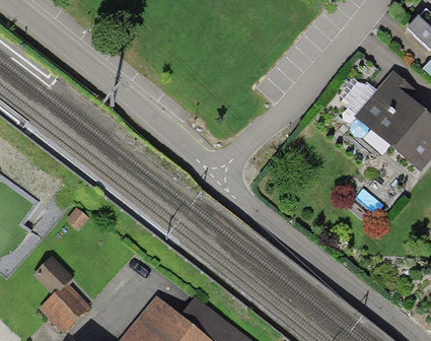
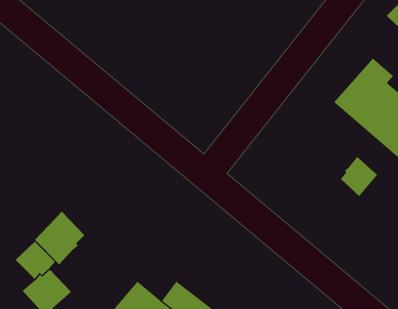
building: none -> [340,156,378,197]
building: none -> [34,211,85,265]

